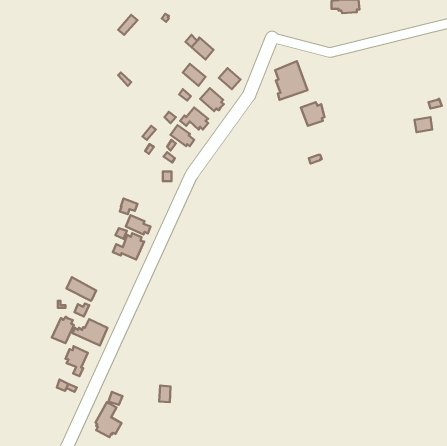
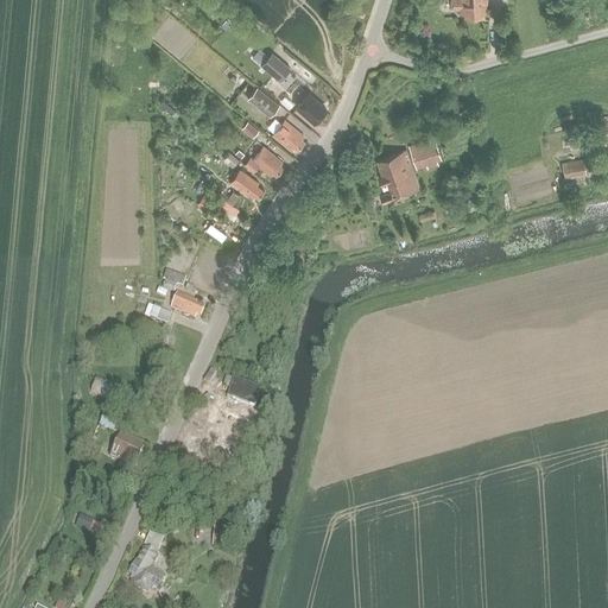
building: [275,61,307,100] -> [376,148,420,201]
building: [113,233,144,260] -> none
building: [52,317,74,343] -> none
building: [65,346,88,376] -> none

